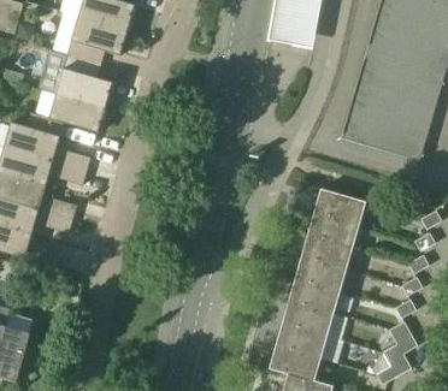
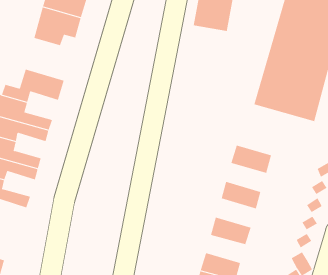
building: [55,54,112,107] -> none
building: [307,211,359,247] -> none
building: [294,255,346,291] -> none
building: [282,301,332,336] -> none

